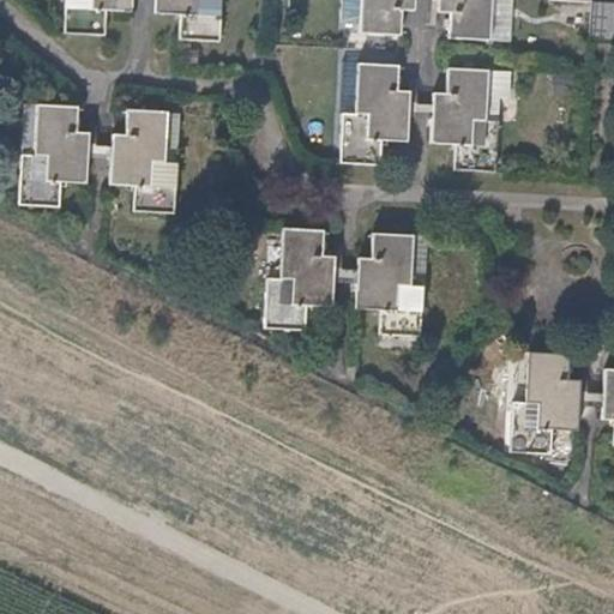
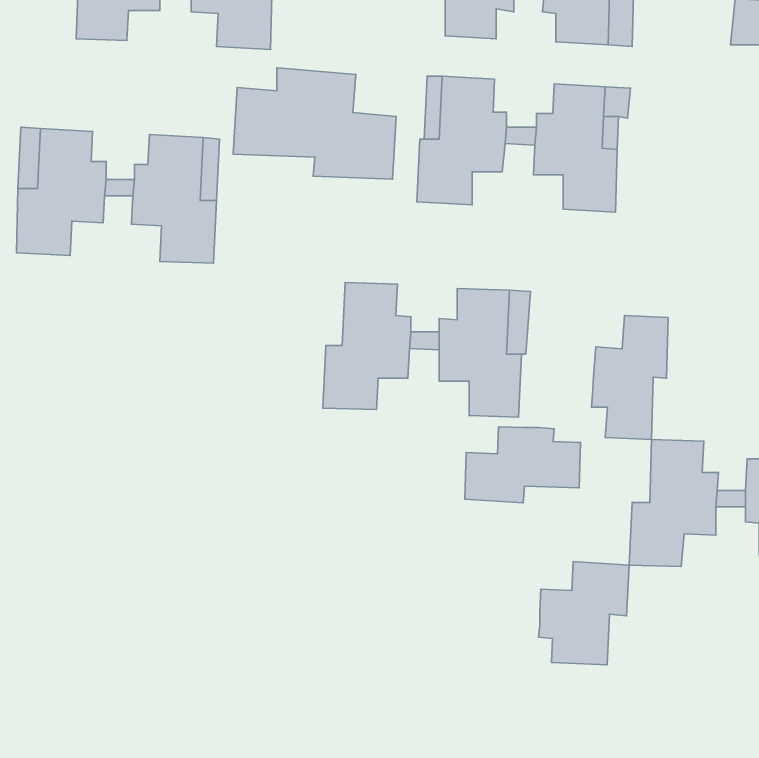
building: none -> [233,68,396,179]
building: none -> [591,316,668,440]
building: none -> [465,427,580,503]
building: none -> [539,562,629,665]

